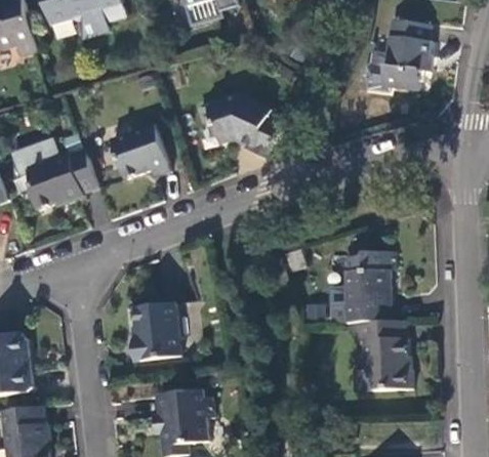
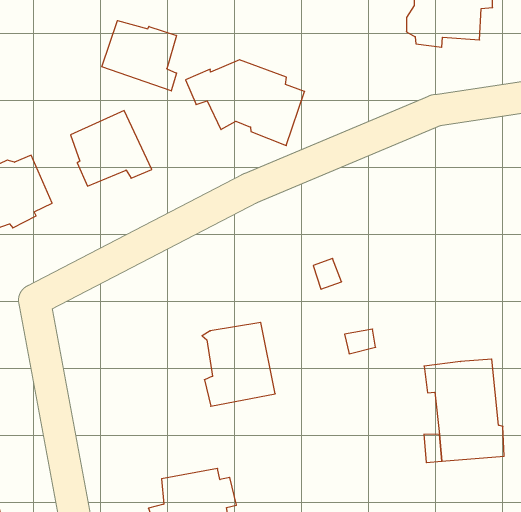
building: none -> [102,21,177,91]
building: [329,257,390,326] -> none
building: [130,301,180,359] -> [202,322,275,406]

